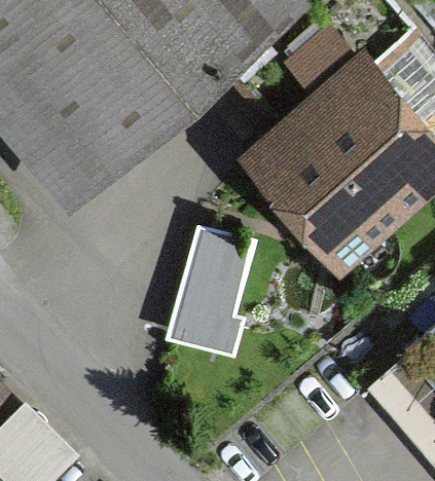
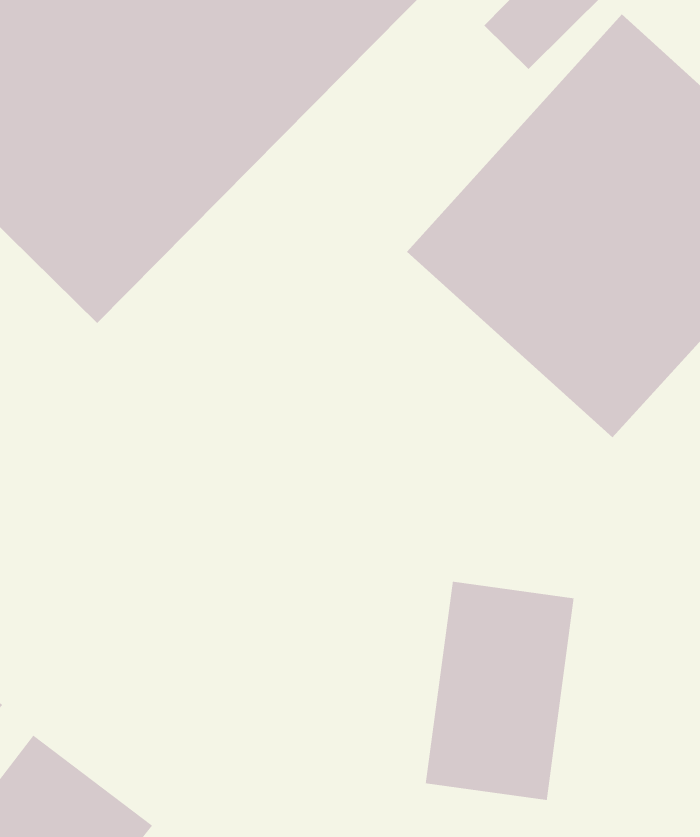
building: [170,236,254,354] -> [425,581,575,801]

